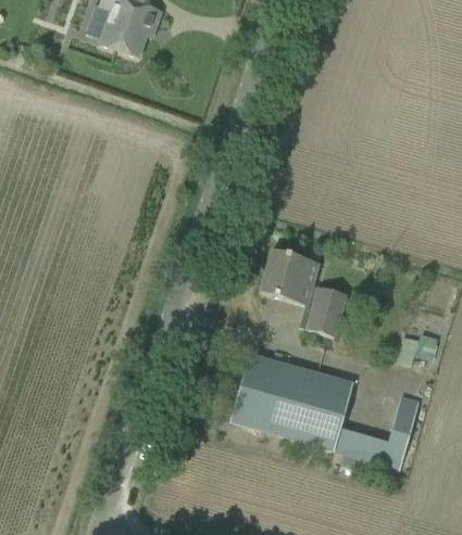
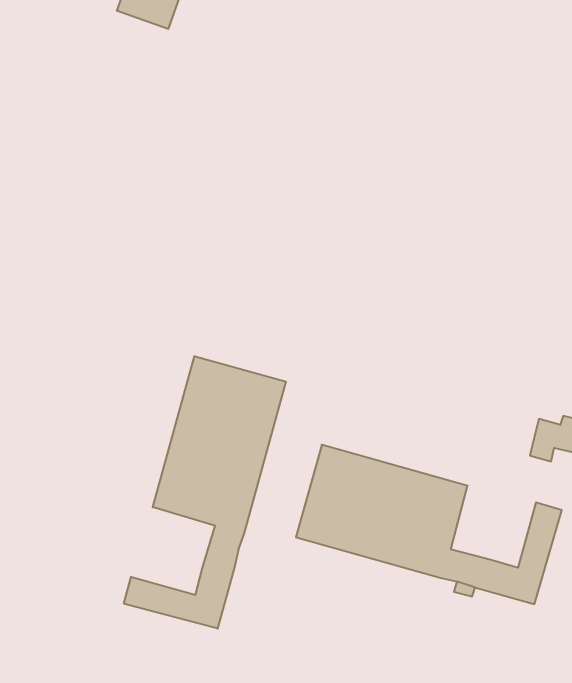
building: [260,249,346,335] -> none
building: none -> [124,356,286,629]

